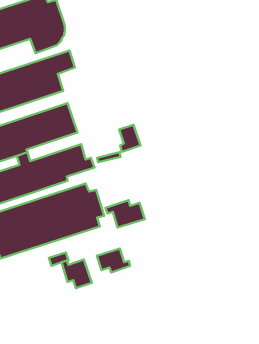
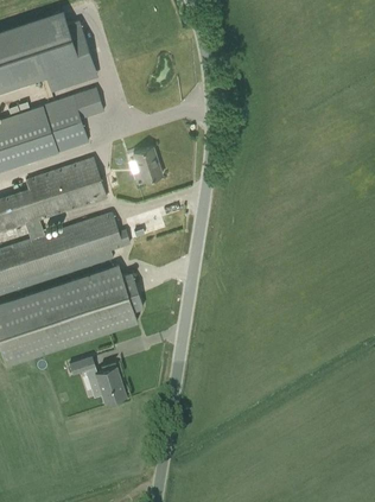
building: [119,125,141,152] -> [133,147,161,183]
building: [106,200,145,228] -> none
building: [97,249,130,272] -> none

